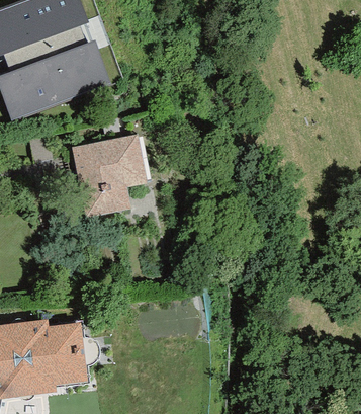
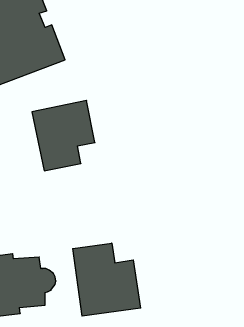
building: none -> [73,243,141,316]

